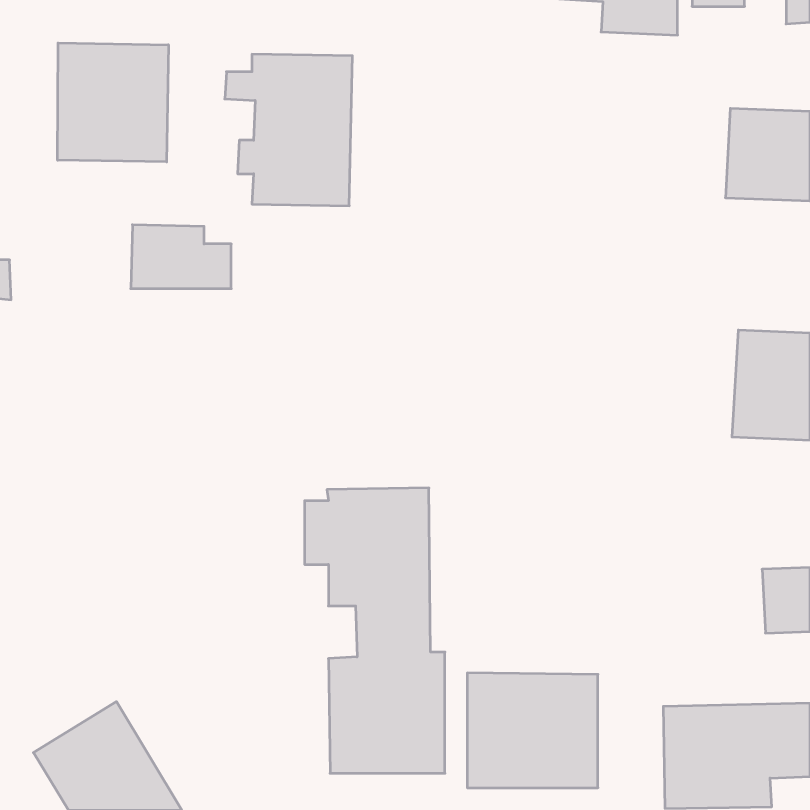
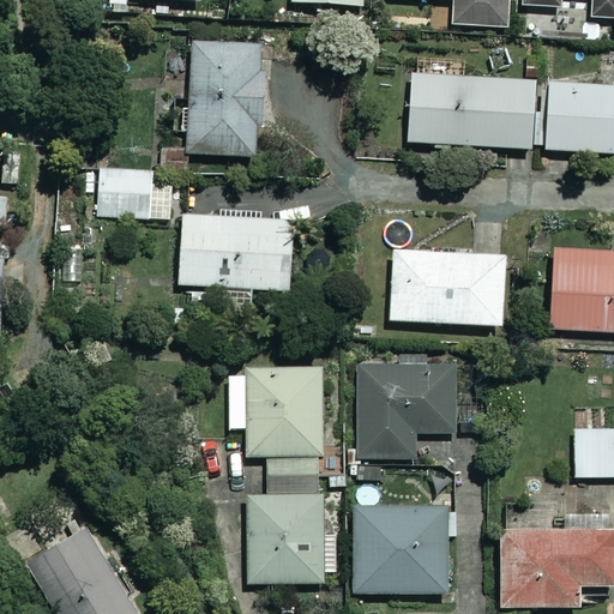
building: [58,43,168,162] -> none
building: none -> [409,74,549,149]
building: none -> [180,215,301,290]
building: none -> [387,249,508,326]
building: none -> [357,365,457,462]

